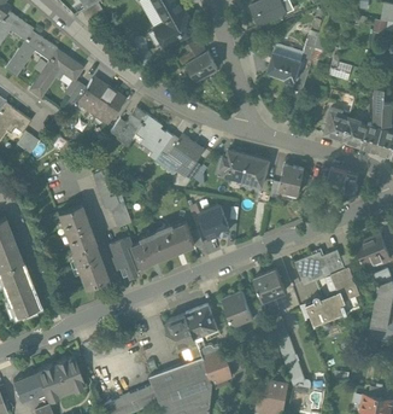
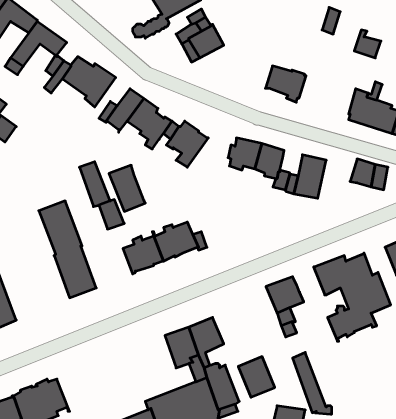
building: [266,53,301,84] -> [265,66,306,102]
building: [200,206,229,238] -> none
building: [108,237,140,276] -> [109,165,145,211]
building: [222,290,253,325] -> [238,357,275,397]

